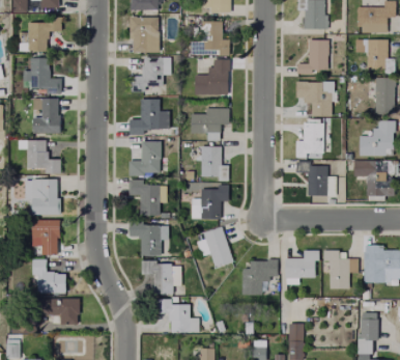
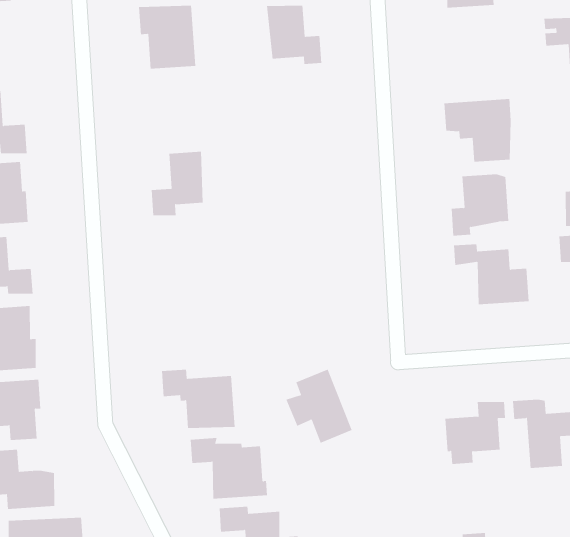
building: [296,39,328,74] -> none
building: [130,57,171,91] -> none
building: [195,60,229,94] -> none
building: [191,108,229,141] -> none
building: [130,142,167,172] -> none
building: [201,147,229,181] -> none
building: [128,181,165,215] -> none
building: [192,185,228,219] -> none
building: [241,259,279,295] -> none

